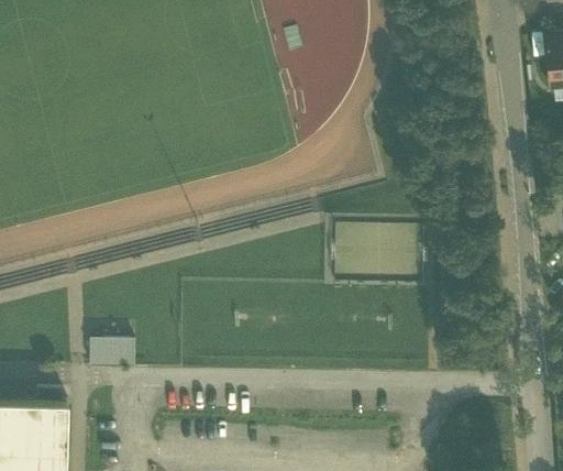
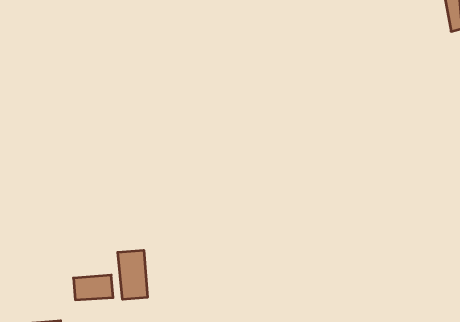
building: none -> [118,250,147,299]

